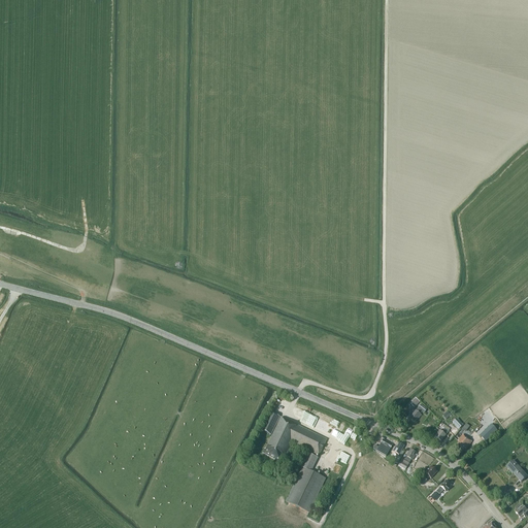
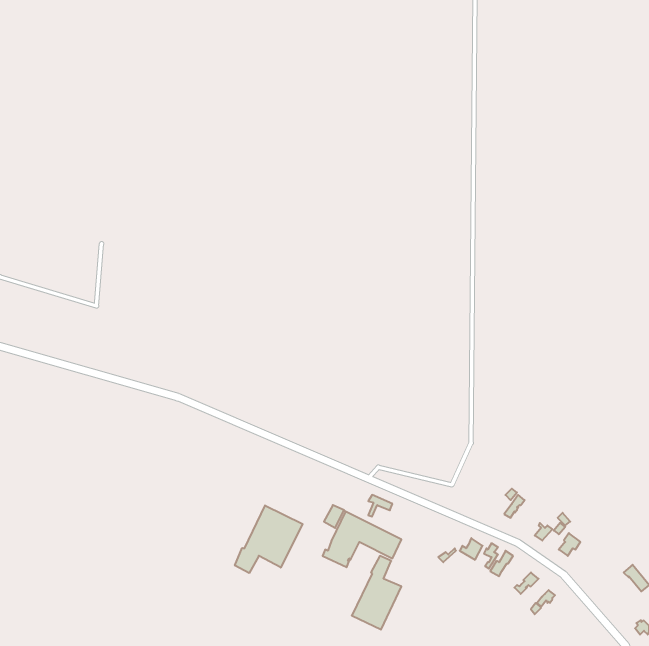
building: none -> [235,505,303,573]

